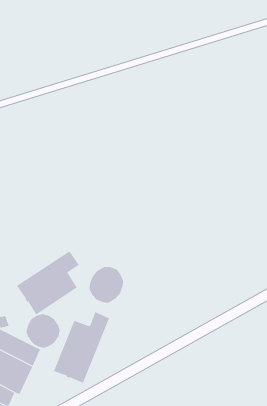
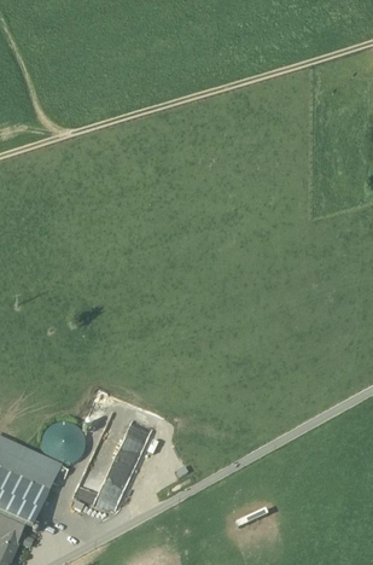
building: [16,250,80,315] -> none
building: [89,266,124,303] -> none

